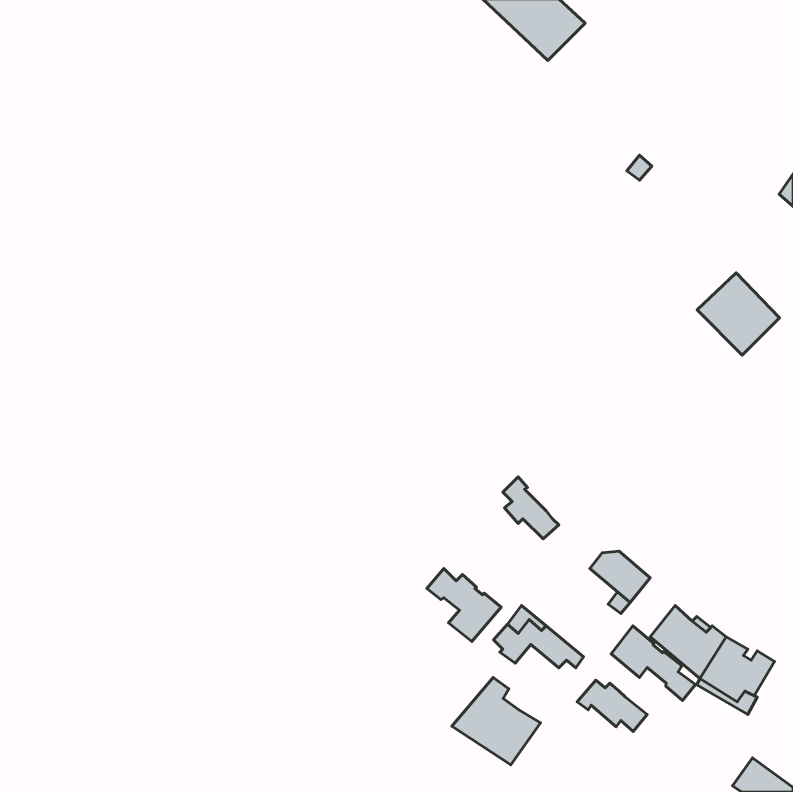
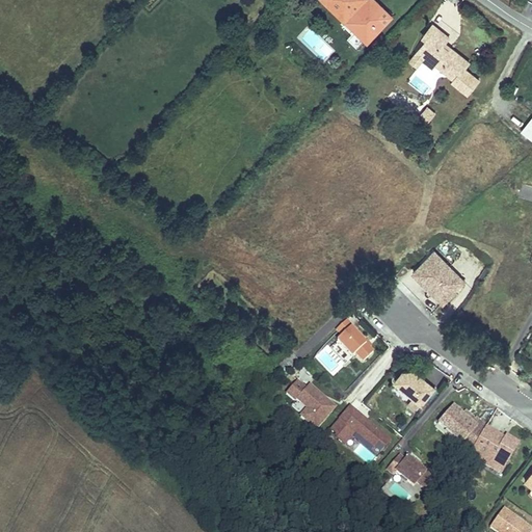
building: none -> [410,22,479,92]
building: [697,273,779,355] -> [413,246,468,301]
building: [611,626,696,701] -> none
building: [452,677,540,765] -> none

